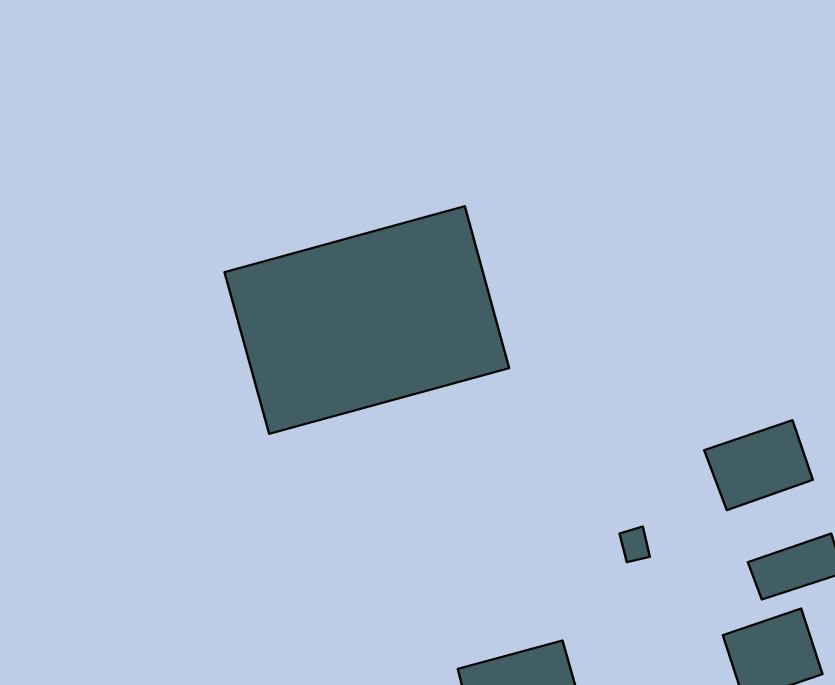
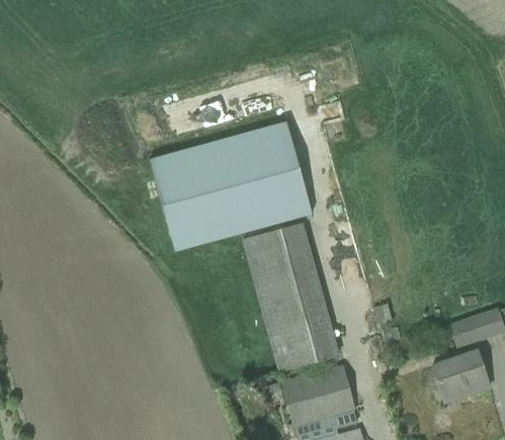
building: none -> [243,222,338,370]
building: [704,420,813,510] -> none

